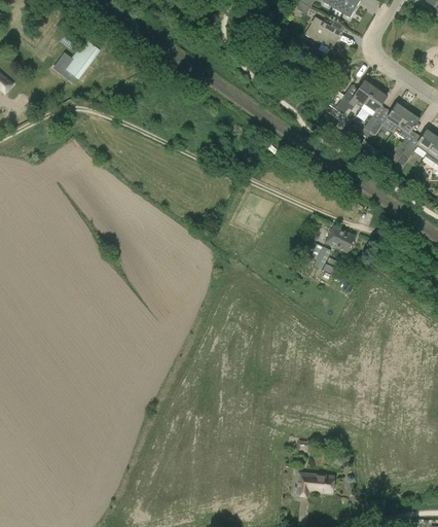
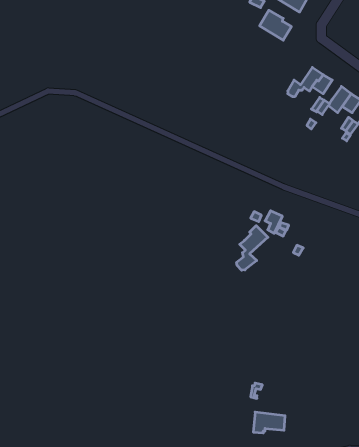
building: [52,41,99,82] -> none
building: [325,224,355,252] -> none
building: none -> [237,226,268,270]

